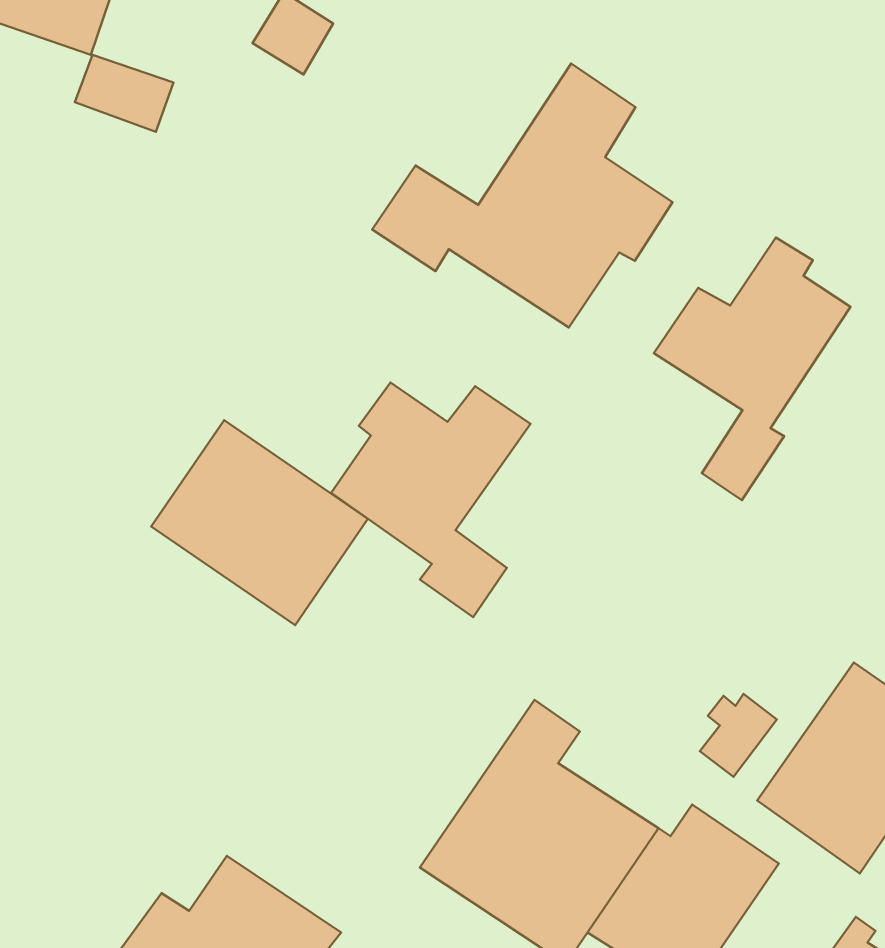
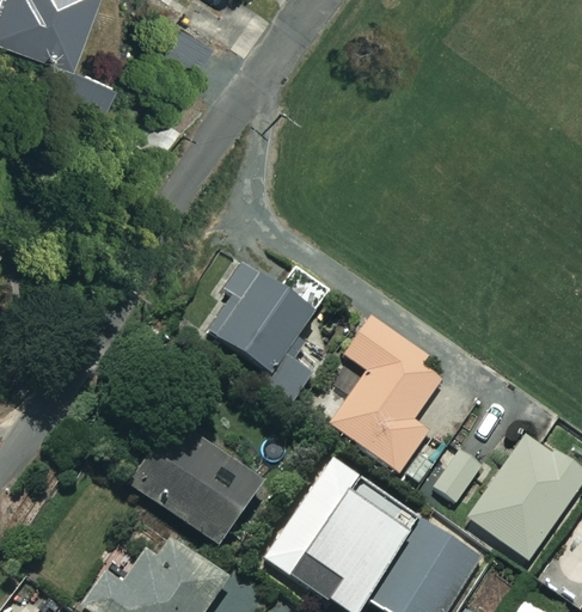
building: [372,63,672,327] -> none
building: [654,237,850,500] -> none
building: [151,420,368,625] -> [130,420,262,544]
building: none -> [330,316,441,481]

